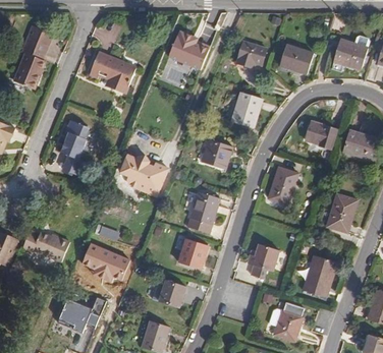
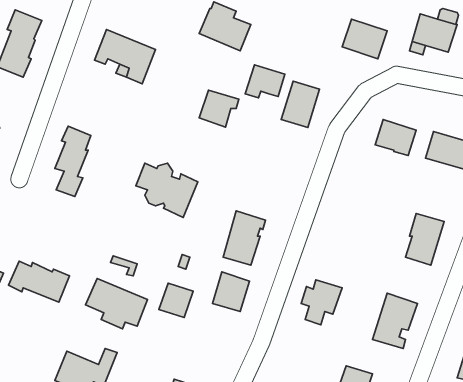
building: [236,41,267,66] -> [245,65,285,98]
building: [202,139,232,168] -> [199,90,239,127]
building: [268,167,298,204] -> none
building: [159,281,185,307] -> [159,283,193,318]

